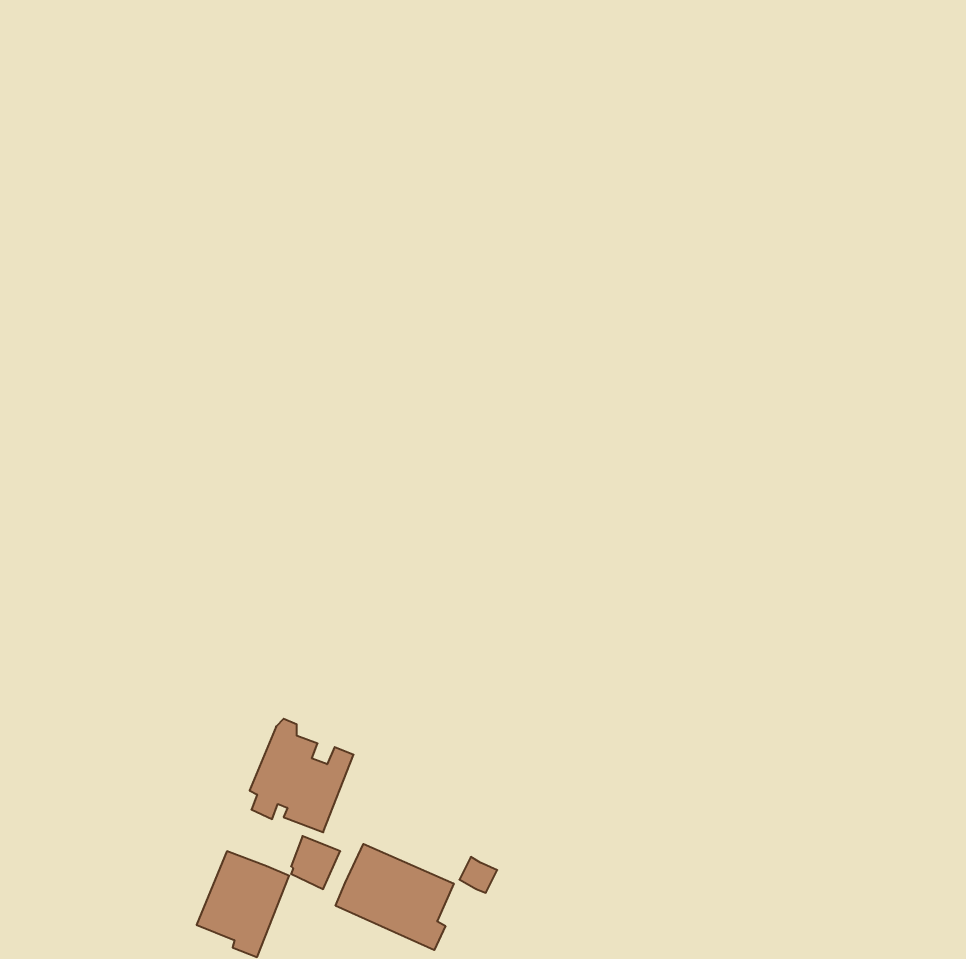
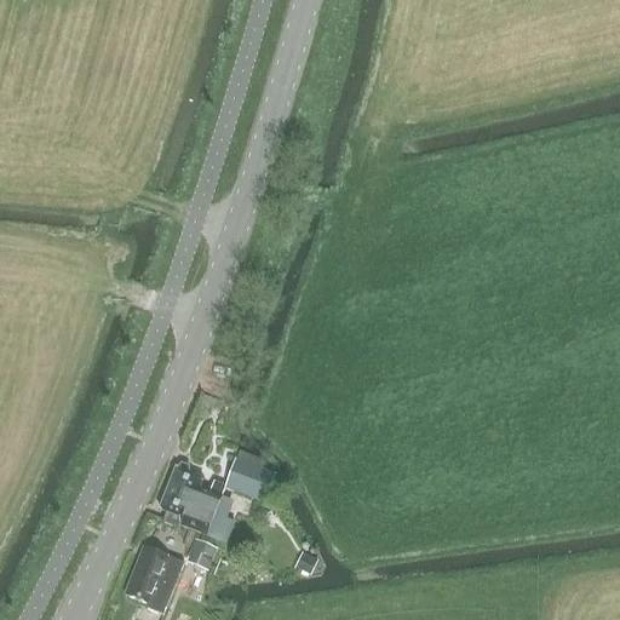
building: none -> [230,458,270,498]
building: [336,844,454,950] -> none

